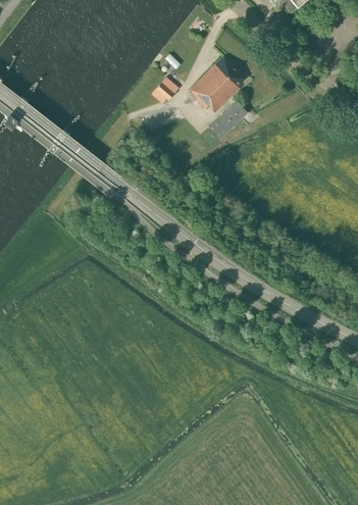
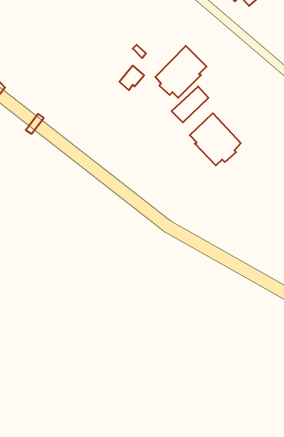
building: none -> [190,113,241,165]

